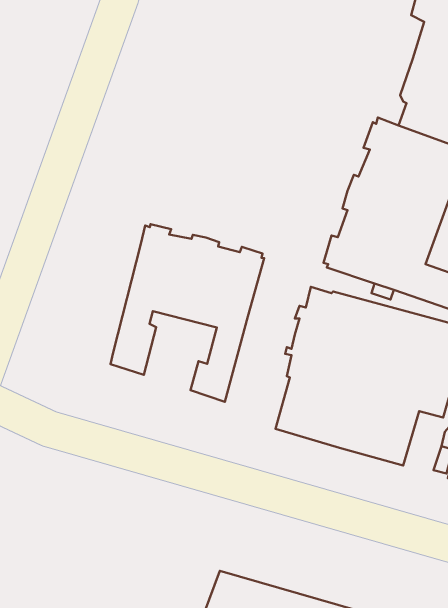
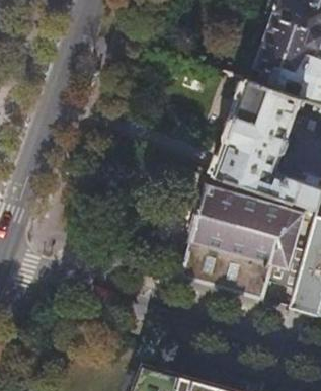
building: [110,224,264,402] -> none

